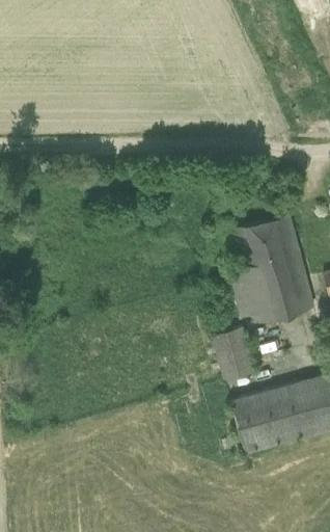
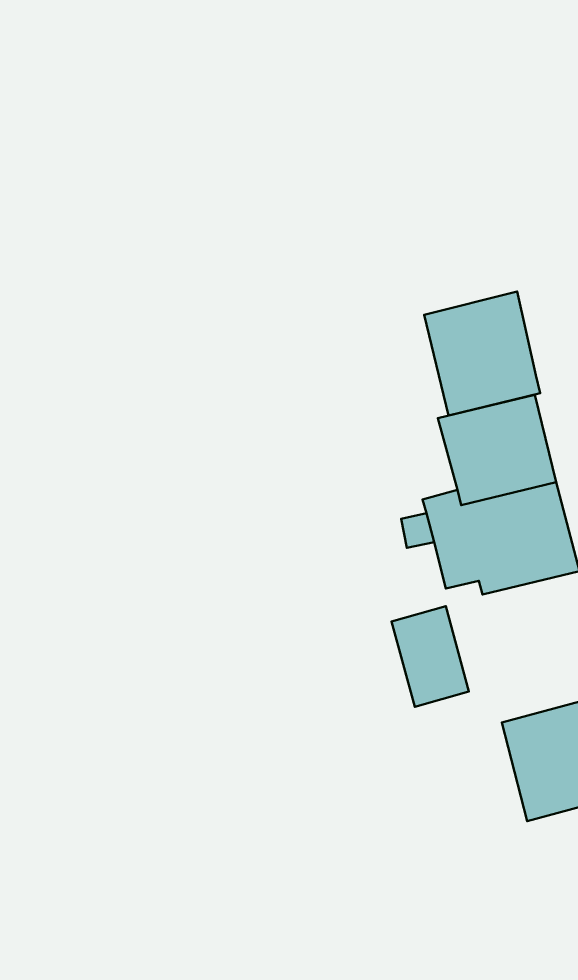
building: none -> [424,292,540,416]
building: [230,391,284,454] -> none

